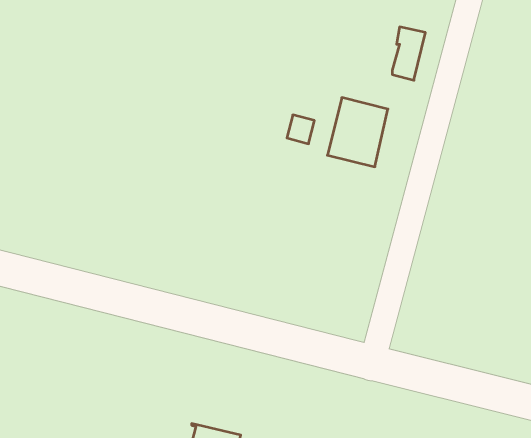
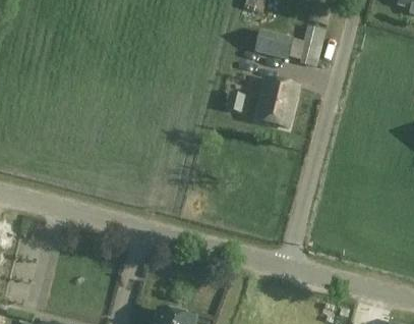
building: none -> [253,29,293,58]

